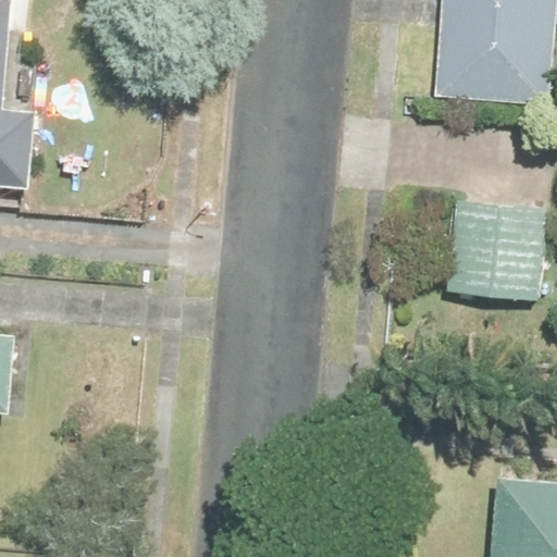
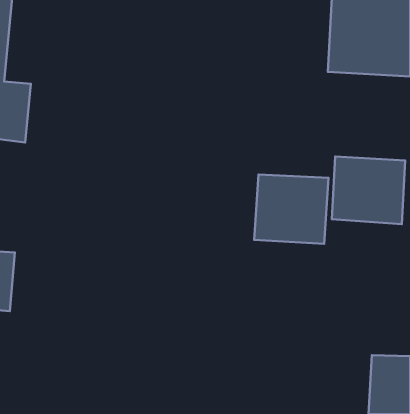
building: none -> [254,175,328,244]

